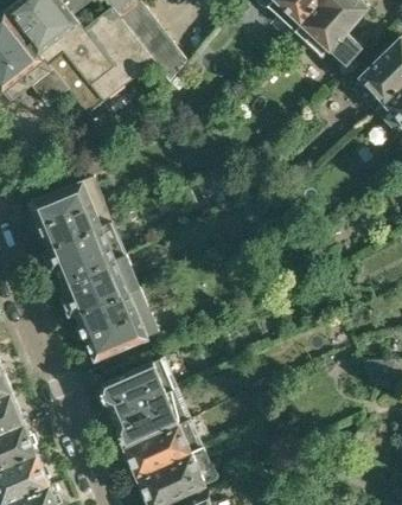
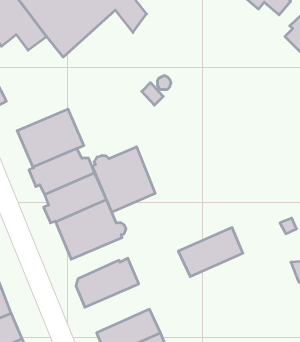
building: none -> [92,147,155,212]
building: [113,388,191,447] -> [178,228,243,277]

